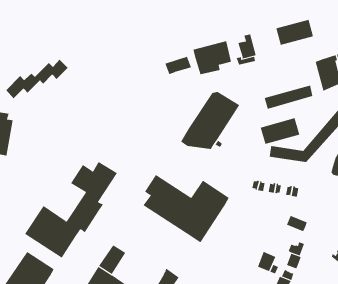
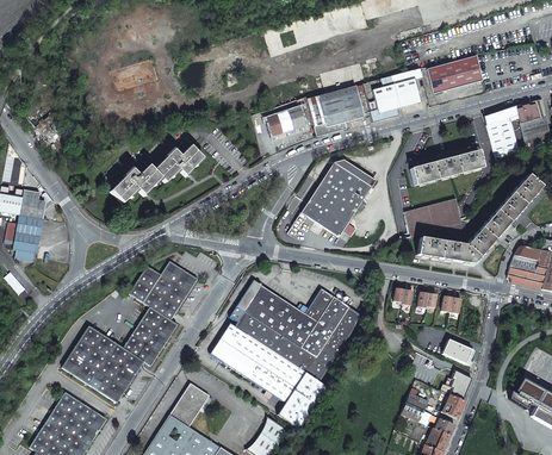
building: none -> [391,68,422,107]
building: [5,59,69,99] -> [111,145,203,204]
building: none -> [210,323,327,428]

